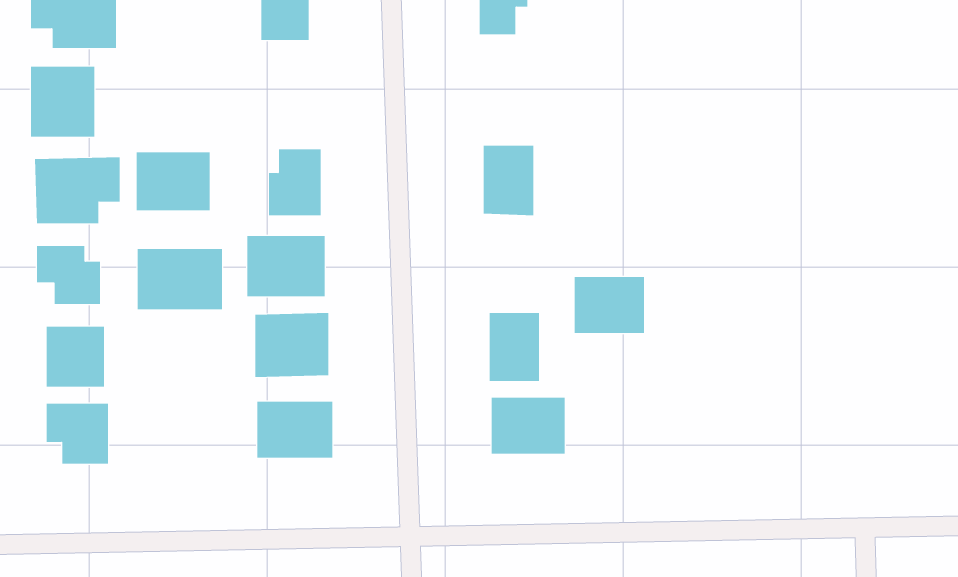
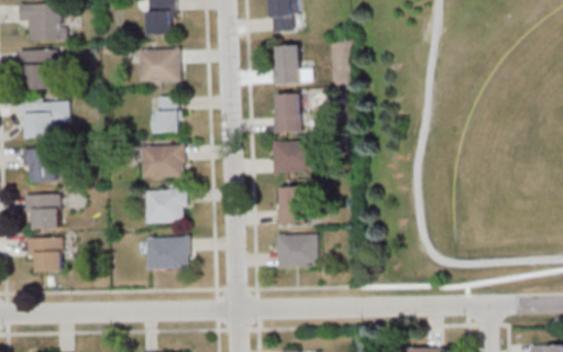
building: none -> [272,45,310,85]
building: [136,152,211,211] -> [137,48,179,81]
building: [137,248,222,310] -> none
building: [574,276,645,333] -> [272,141,311,173]

